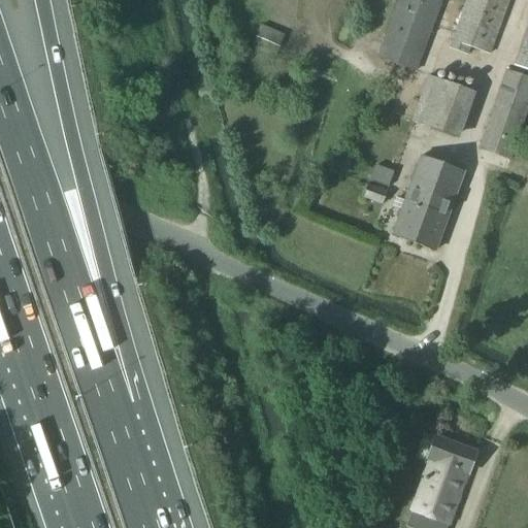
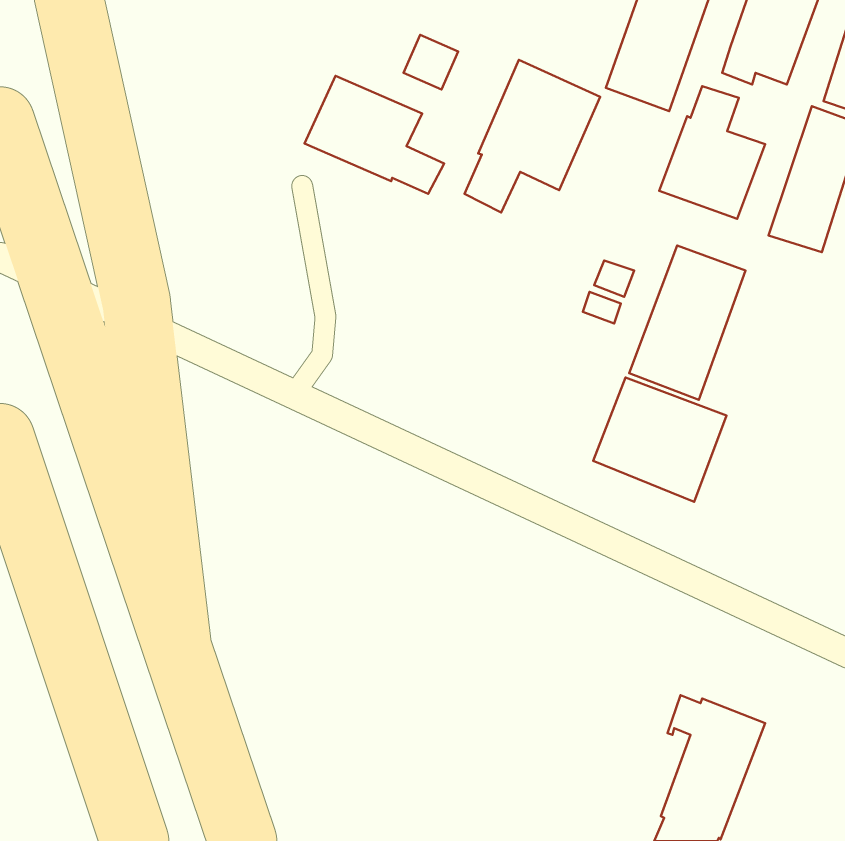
building: none -> [465,60,600,213]
building: none -> [305,76,444,194]
building: none -> [593,378,726,502]

